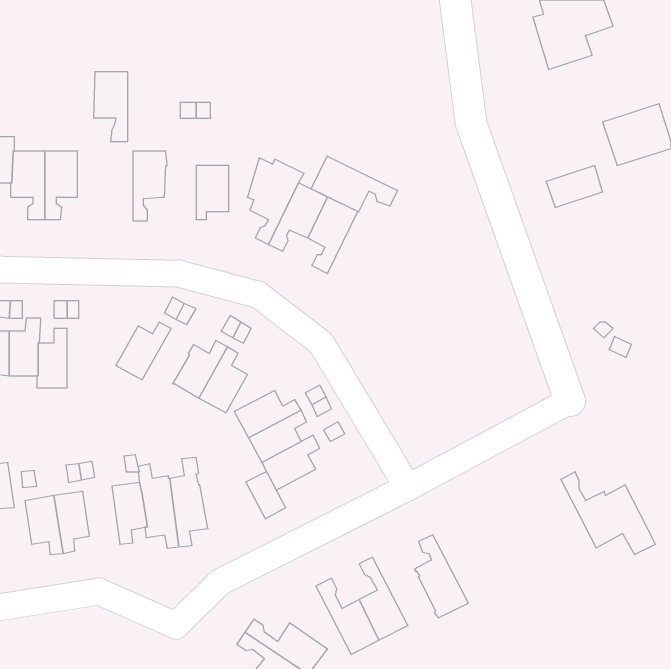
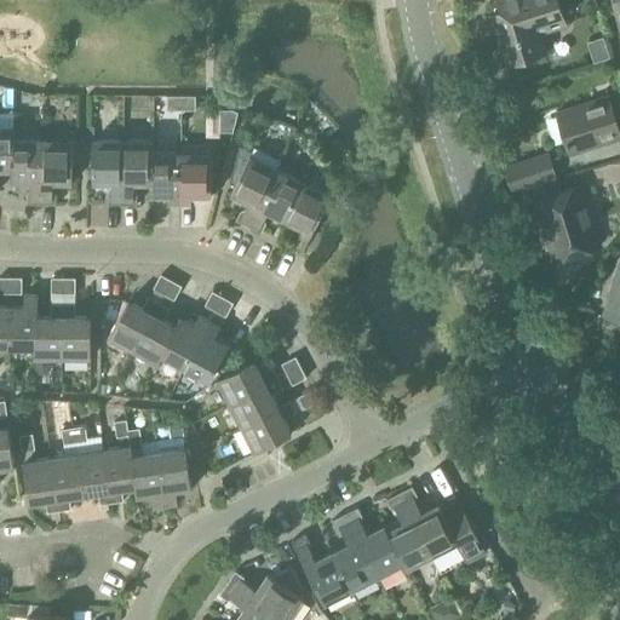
building: [94,72,128,142] -> [91,142,122,206]
building: [311,156,398,212] -> none
building: none -> [150,155,180,205]
building: none -> [534,188,599,263]
building: none -> [62,305,90,360]
building: none -> [131,305,174,366]
building: [246,471,285,519] -> none
building: [561,472,655,555] -> [398,488,486,564]
building: none -> [76,450,110,506]
building: none -> [343,510,401,579]

